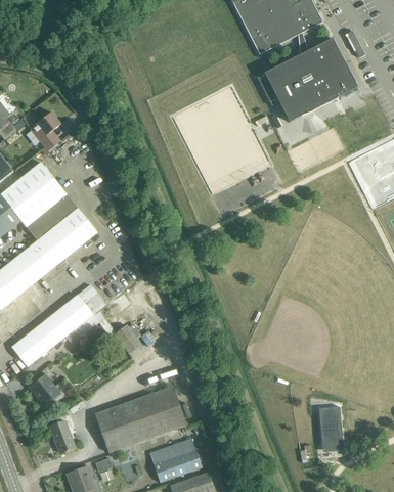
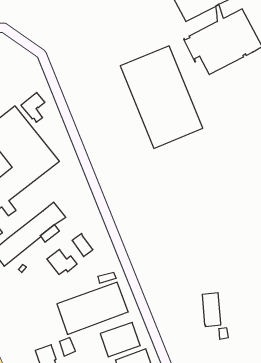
building: [29,111,59,149] -> [21,93,45,122]
building: [28,373,67,405] -> [47,249,77,274]
building: [318,406,342,449] -> [202,293,221,327]
building: [49,420,75,453] -> none

